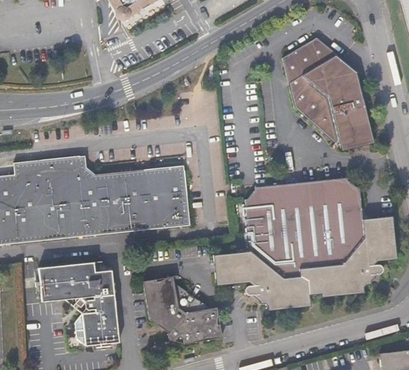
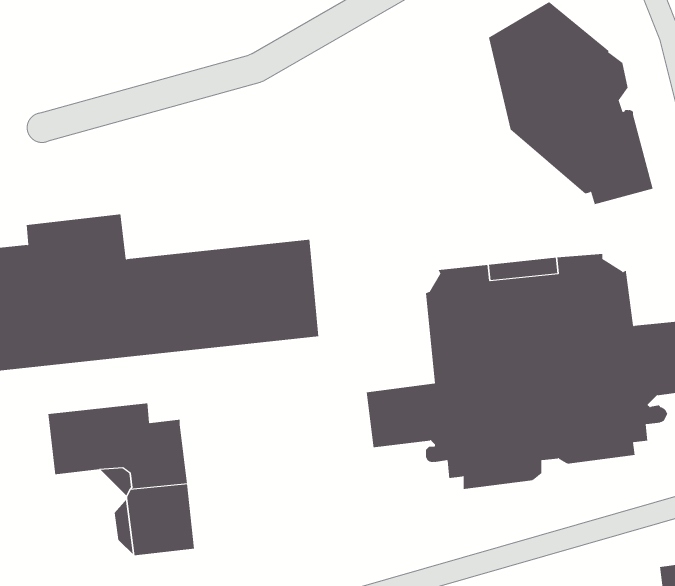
building: [79,155,184,181] -> none
building: [144,277,220,342] -> none

